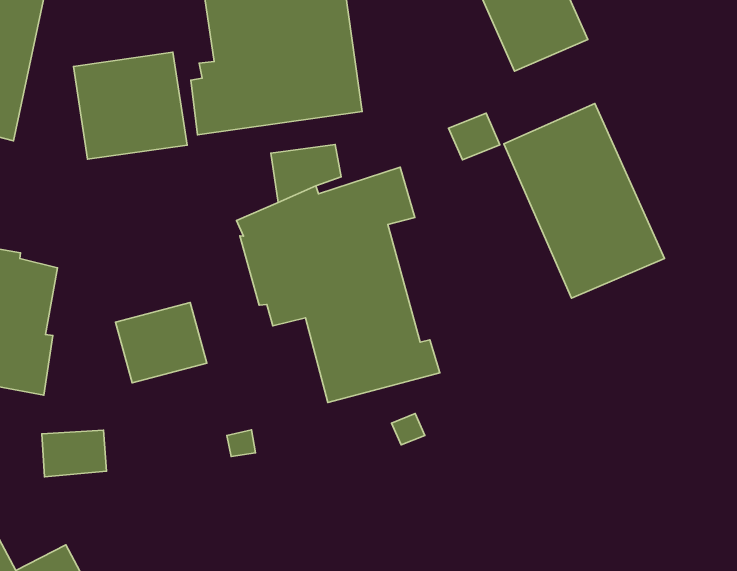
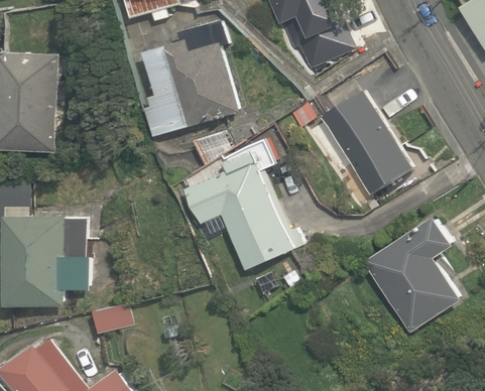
building: [73,52,187,159] -> none
building: [115,302,207,383] -> none
building: none -> [361,214,461,334]

